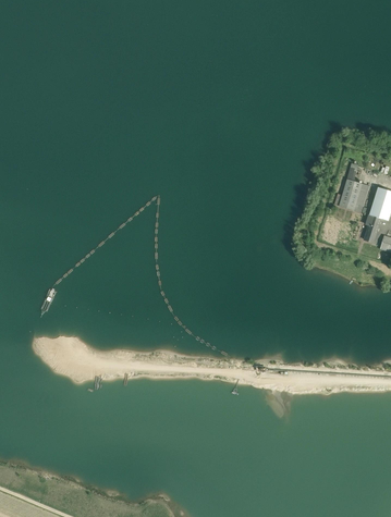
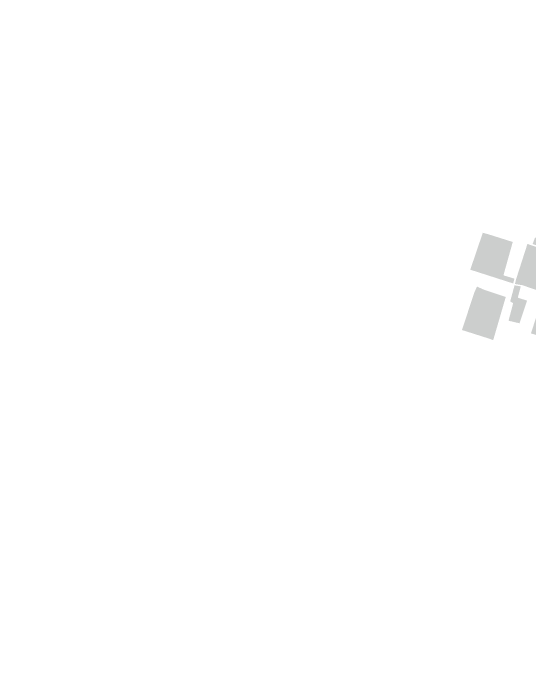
building: none -> [461,285,507,341]

